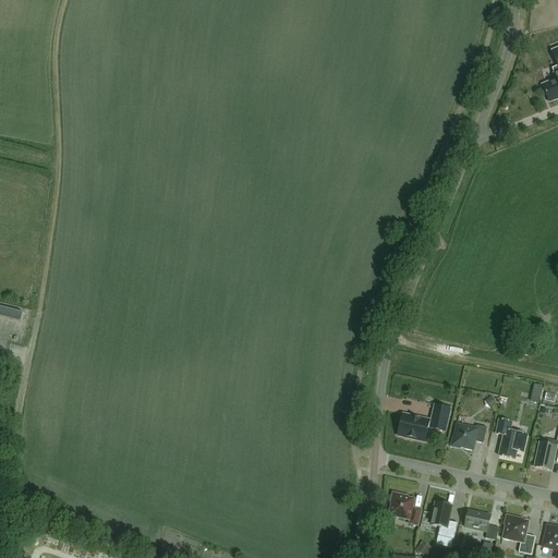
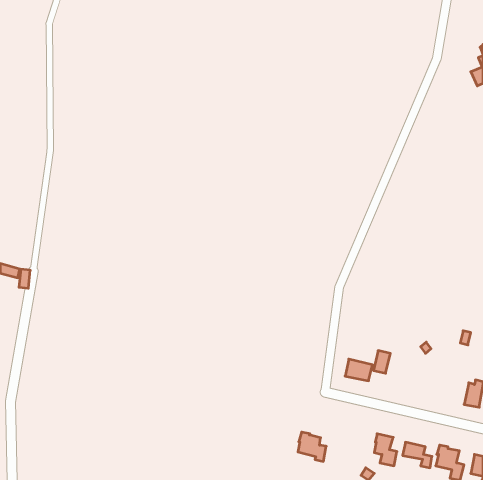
building: [495,417,527,458] -> none
building: [451,422,488,449] -> none
building: [389,490,422,524] -> [298,432,326,461]

